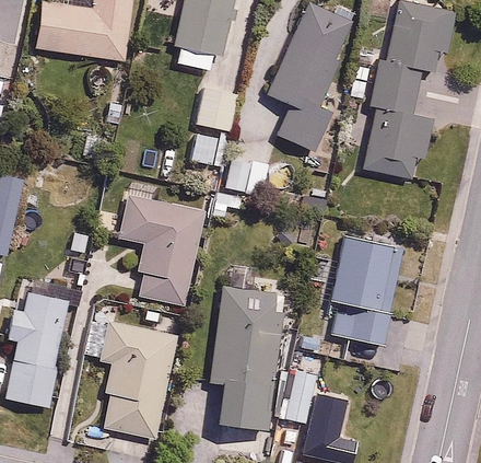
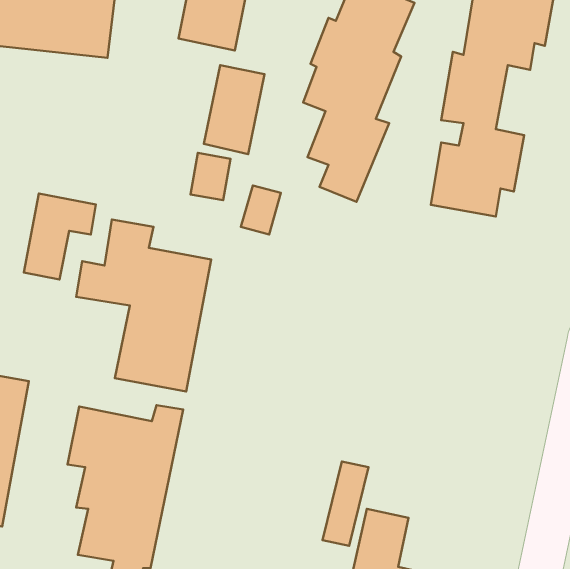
building: none -> [24,194,96,280]
building: [310,231,401,346] -> none
building: [207,285,282,427] -> none

